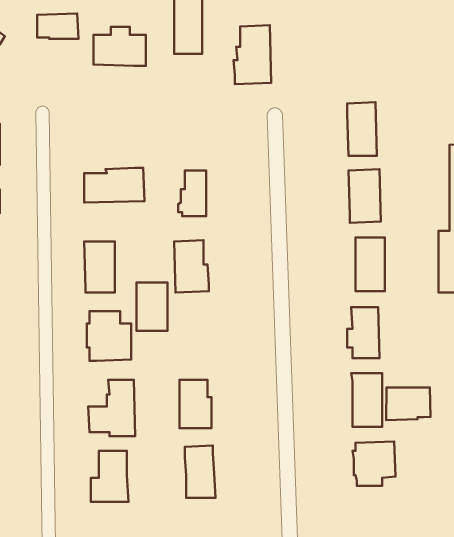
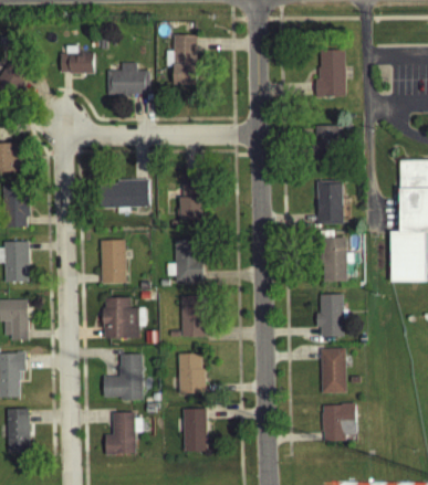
building: [233,25,271,84] -> [315,49,346,97]
building: [137,282,167,331] -> [180,296,206,336]
building: [386,388,431,420] -> none

